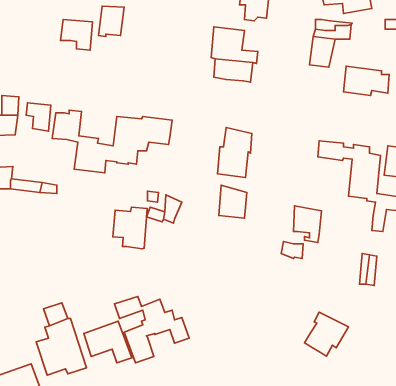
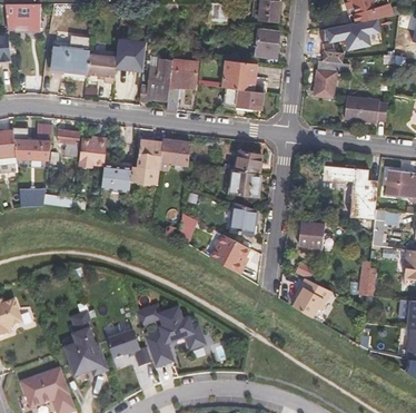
building: none -> [51,47,88,76]
building: none -> [138,63,194,110]
building: [113,207,147,249] -> none
building: none -> [209,233,246,271]
building: [304,312,349,356] -> [291,277,331,317]

